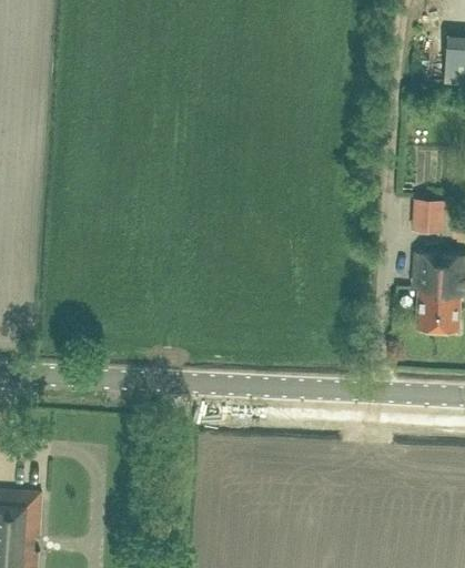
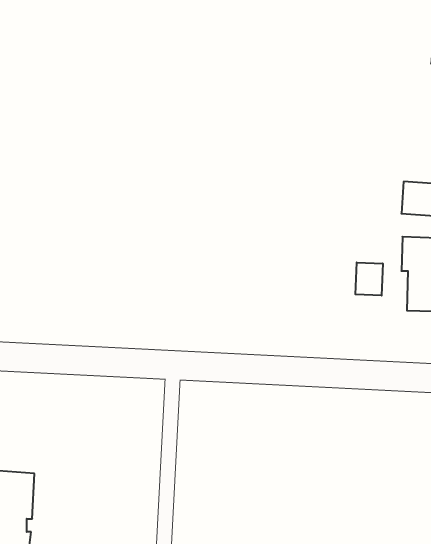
building: none -> [355,262,383,296]

